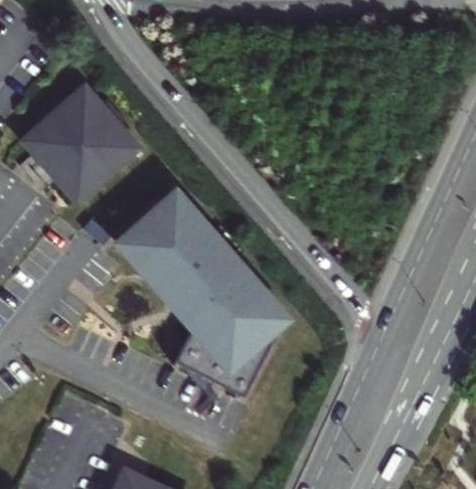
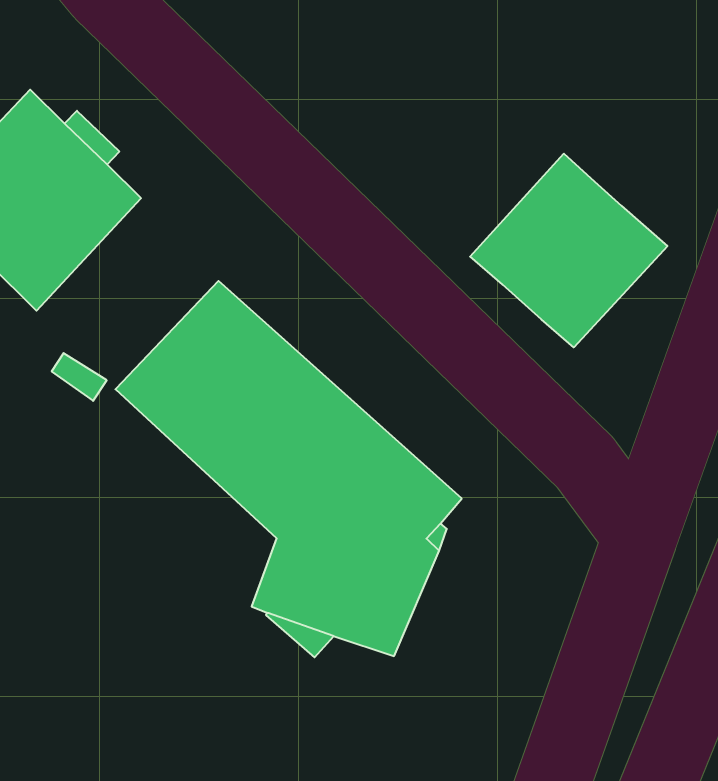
building: none -> [470,154,667,347]

